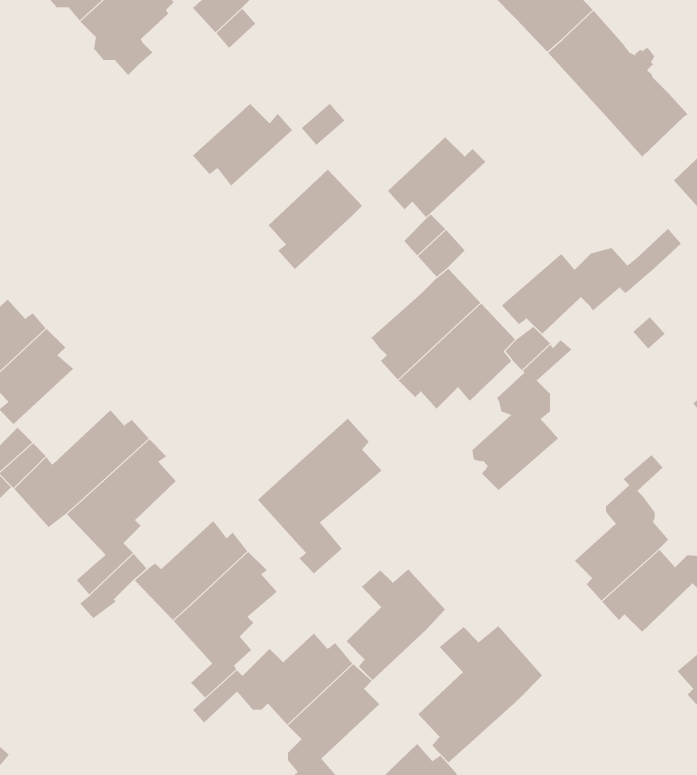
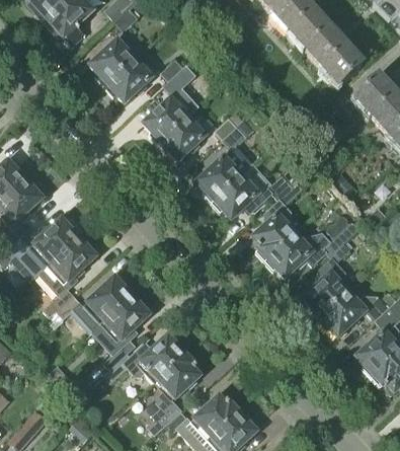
building: none -> [90,35,134,86]
building: [387,137,486,218] -> [157,118,209,160]
building: [501,228,682,335] -> [263,221,357,277]
building: [257,418,383,574] -> none
building: [346,569,446,681] -> none
building: [418,625,543,763] -> none

